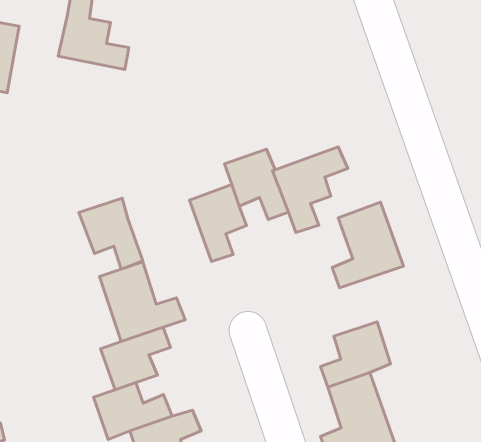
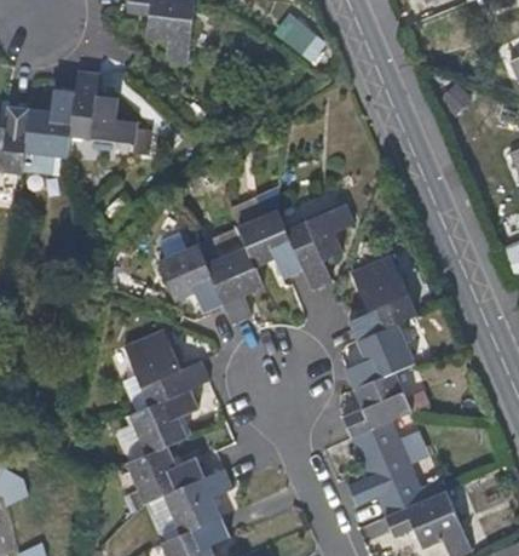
building: none -> [24,90,75,156]
building: [79,198,143,269] -> [157,245,223,314]
building: none -> [346,323,414,388]

